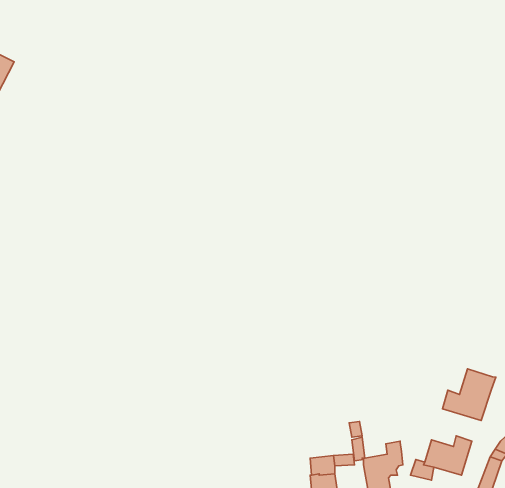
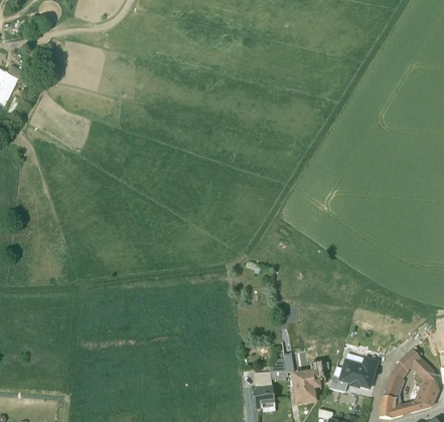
building: [443,369,496,421] -> none

